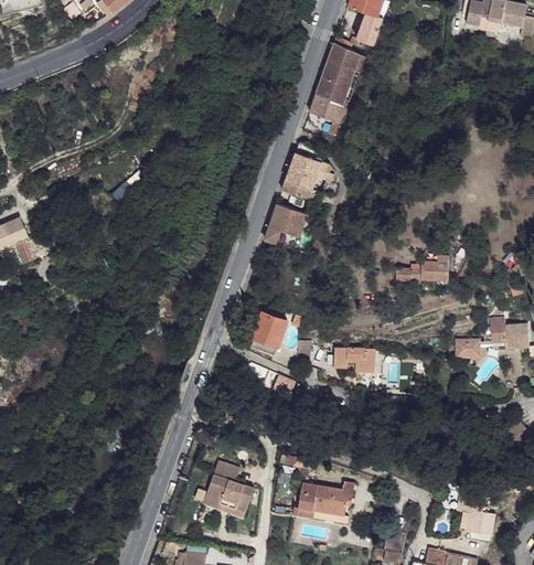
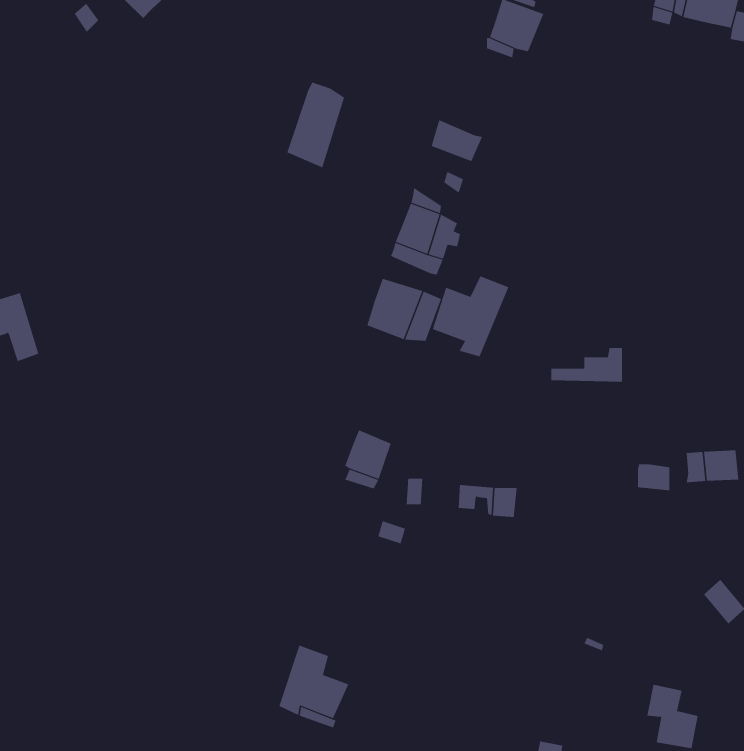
building: [317,43,357,104] -> [287,82,345,168]
building: none -> [432,276,509,357]
building: [299,480,354,514] -> none

